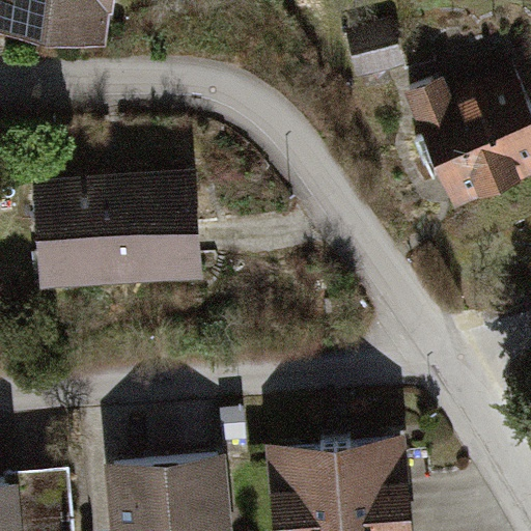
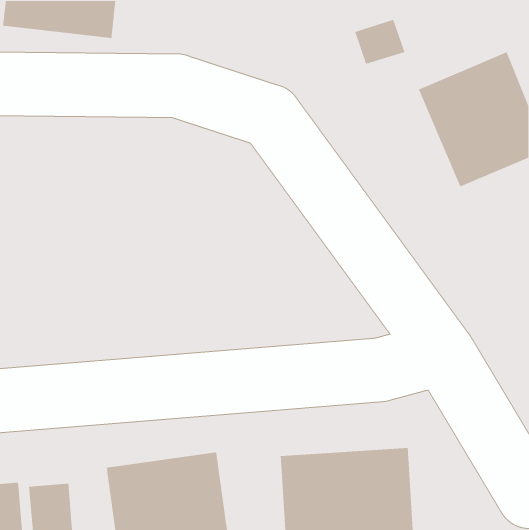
building: [30,162,192,290] -> none

